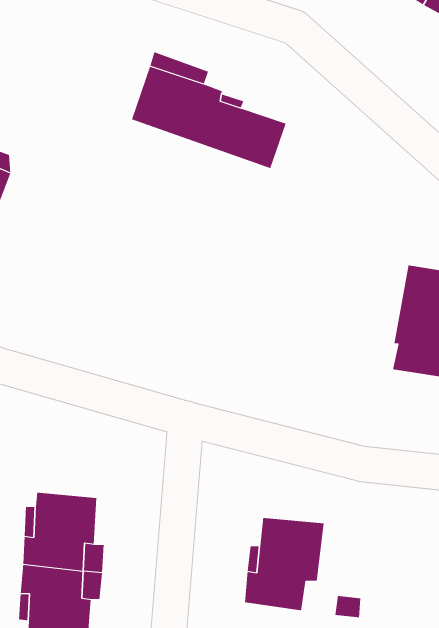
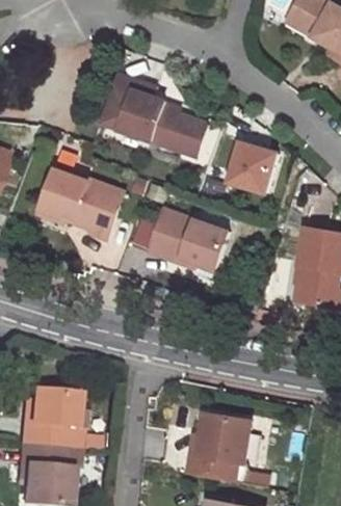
building: none -> [226,136,283,194]
building: none -> [38,163,123,239]
building: none -> [147,207,228,271]

